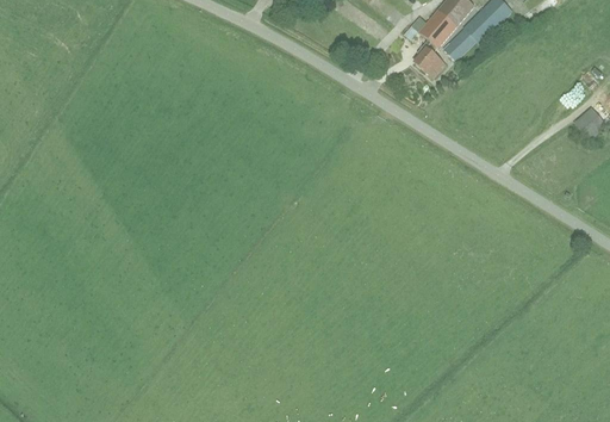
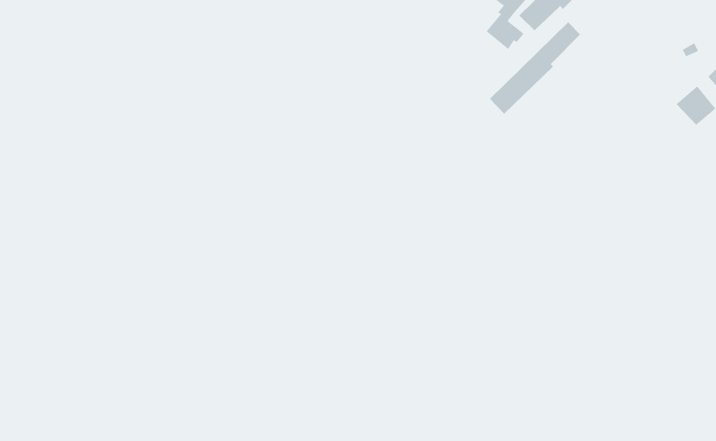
building: none -> [489,21,581,114]

